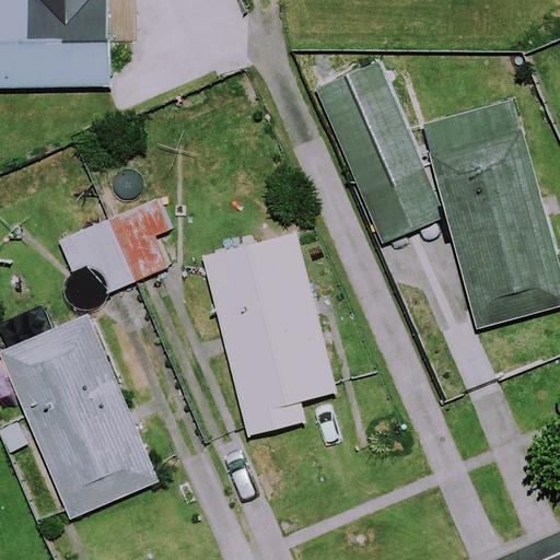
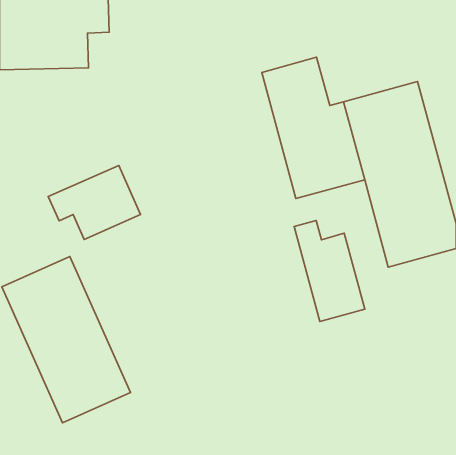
building: [203,232,336,434] -> none
building: none -> [294,221,365,322]

